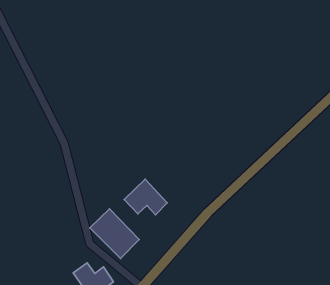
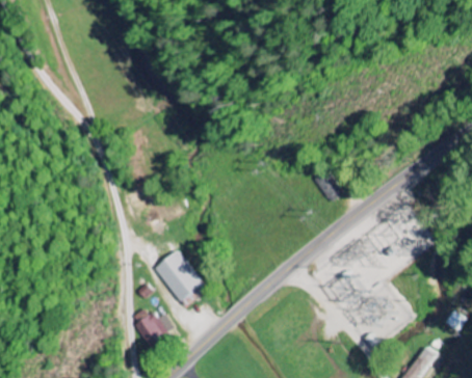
building: [124,179,167,215] -> none

